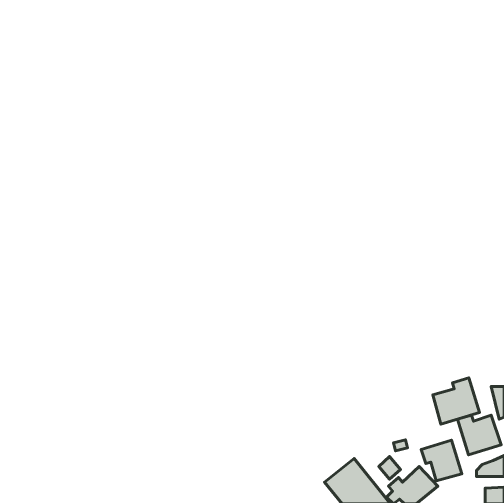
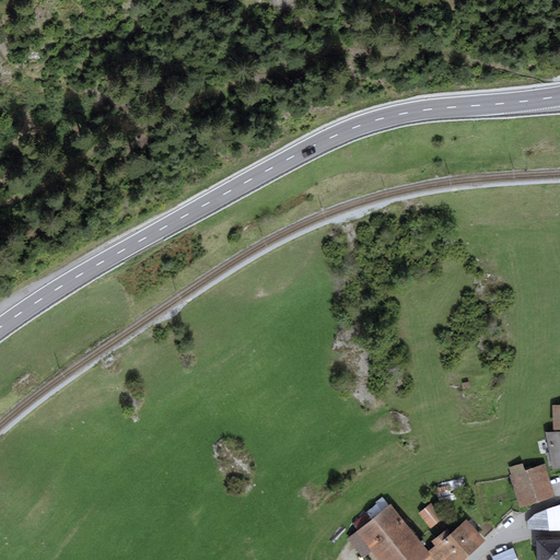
building: [433,378,479,424] -> none
building: [421,440,462,481] -> none

